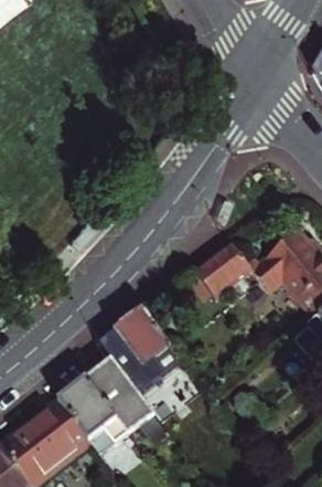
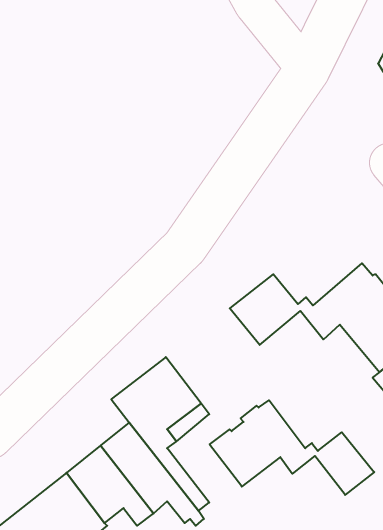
building: none -> [210,400,374,495]

